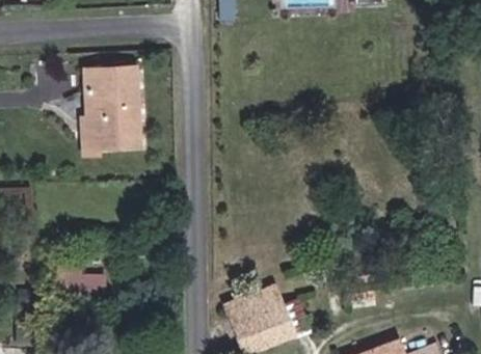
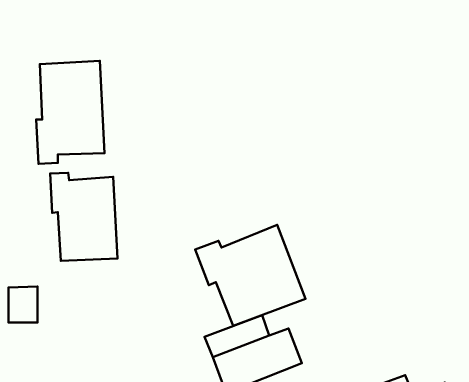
building: none -> [50,173,117,261]
building: none -> [195,225,306,326]

